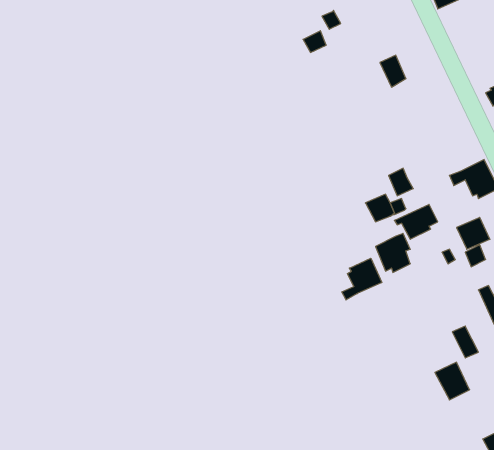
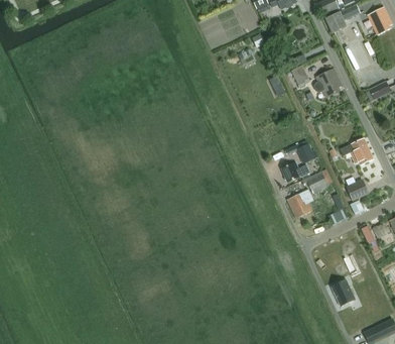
building: none -> [312,68,342,96]
building: [342,258,382,300] -> none

